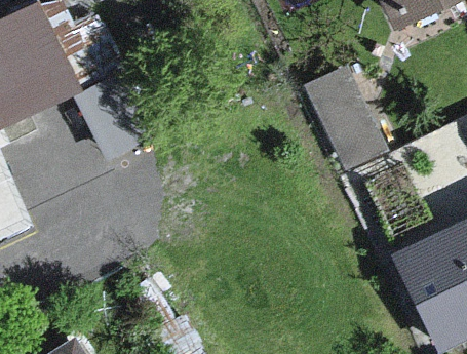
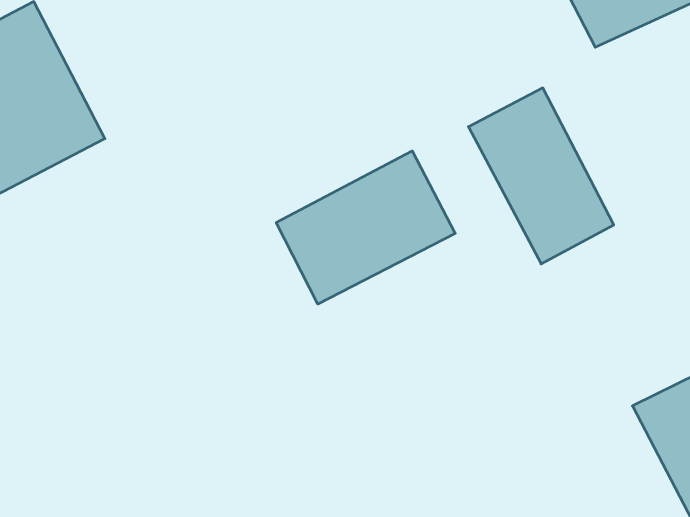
building: none -> [276,151,455,304]

